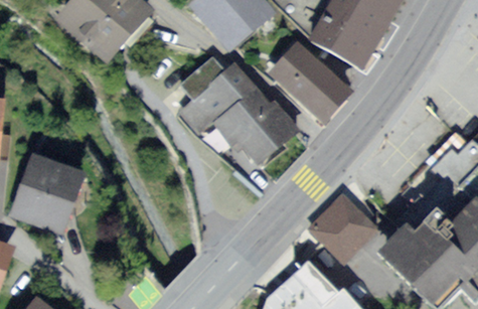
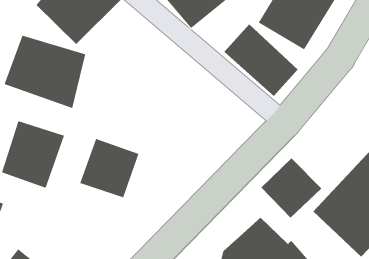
building: none -> [4,35,86,109]
building: [183,59,293,166] -> none
building: none -> [79,138,139,198]

